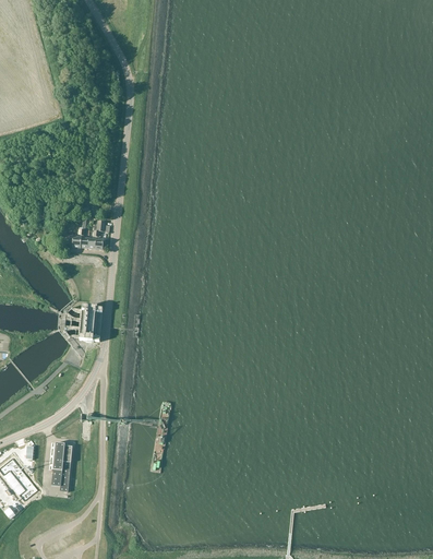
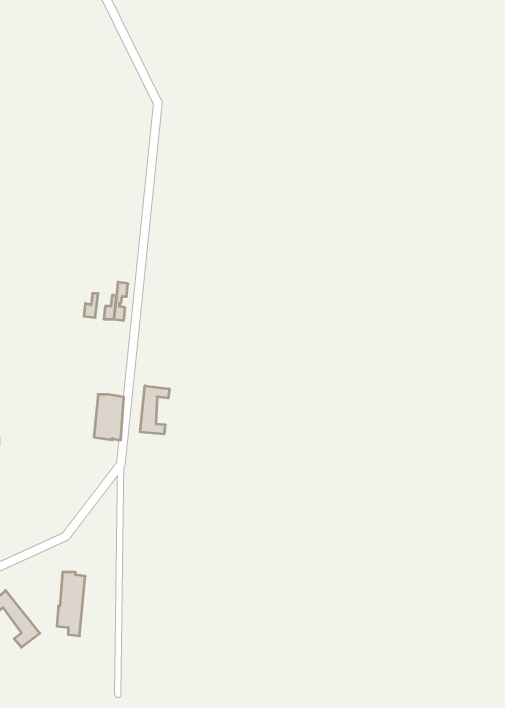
building: none -> [140,386,169,434]

